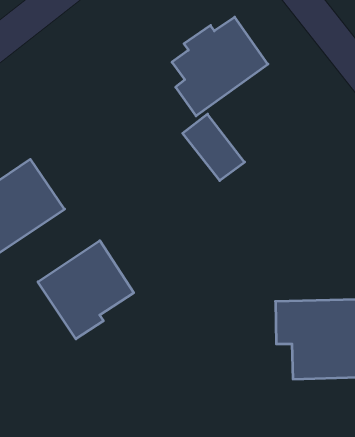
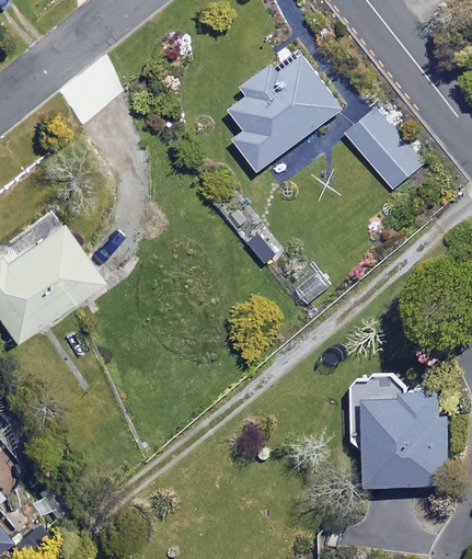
building: [183,114,245,181] -> [344,110,417,189]
building: [38,241,134,339] -> none

